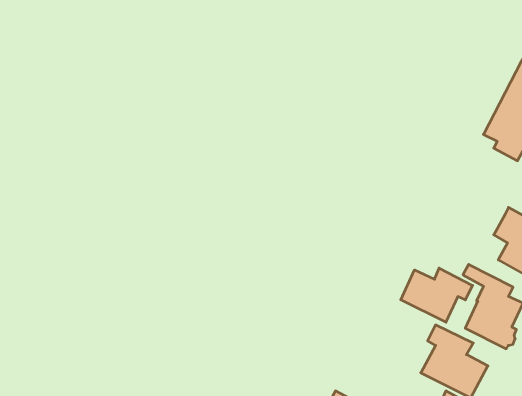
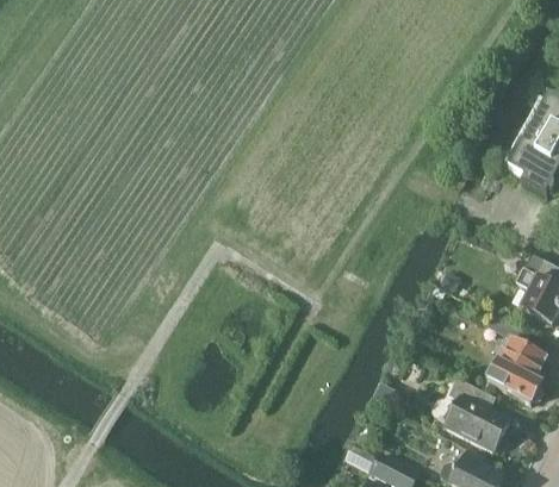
building: [401,268,473,322] -> none

